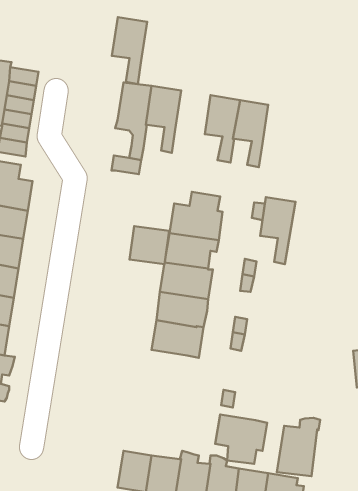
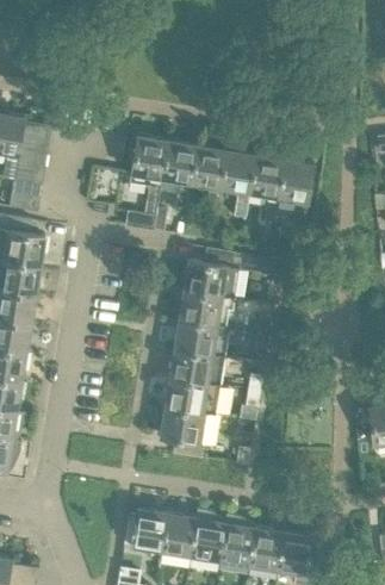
building: [112,17,147,84] -> [190,144,225,212]
building: [260,197,295,264] -> [278,158,313,226]
building: [129,226,169,264] -> none
building: [215,414,267,464] -> [161,406,213,456]
building: [277,418,320,476] -> none

